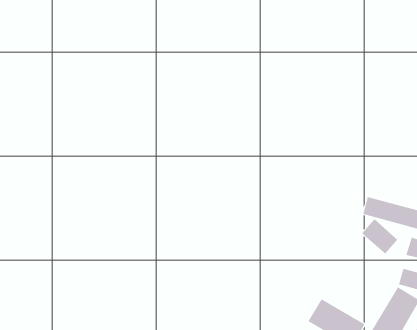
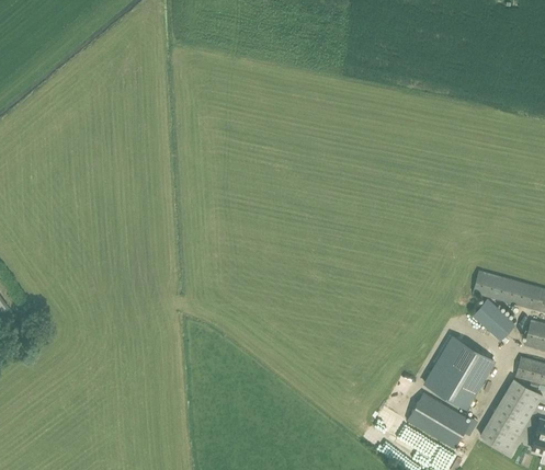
building: none -> [425,341,495,412]

